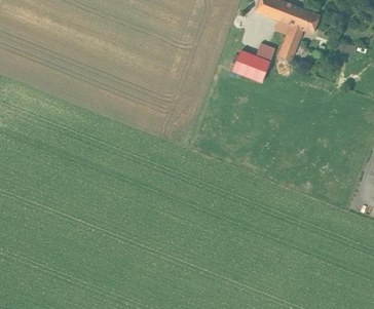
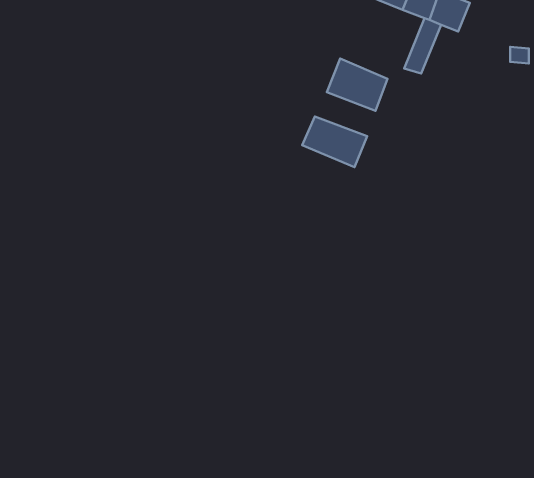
building: none -> [302,116,367,167]

